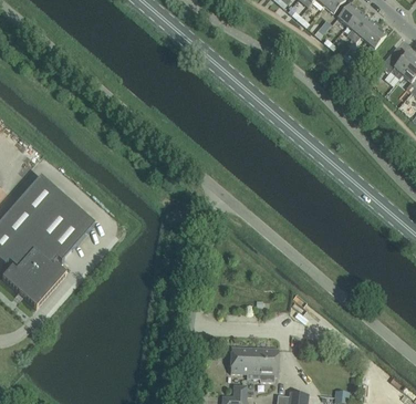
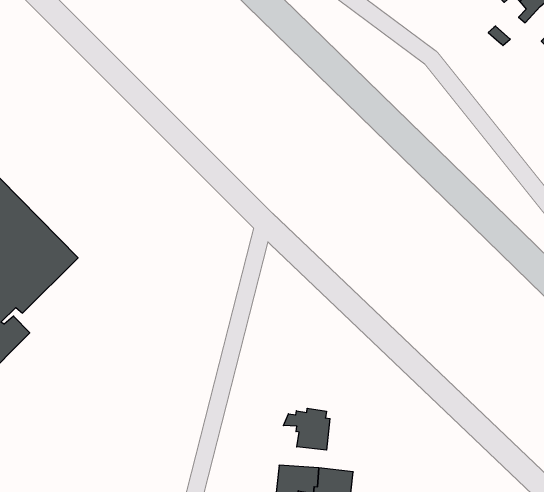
building: none -> [283,408,330,450]

